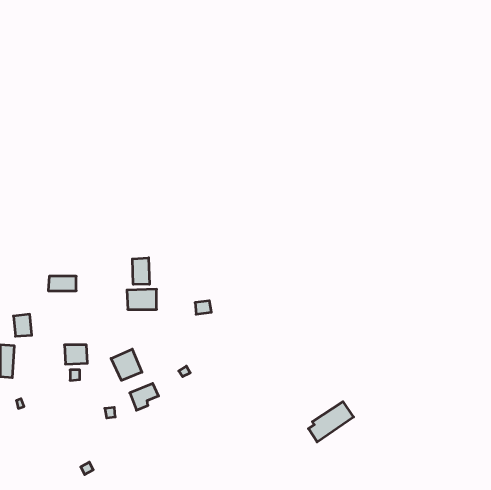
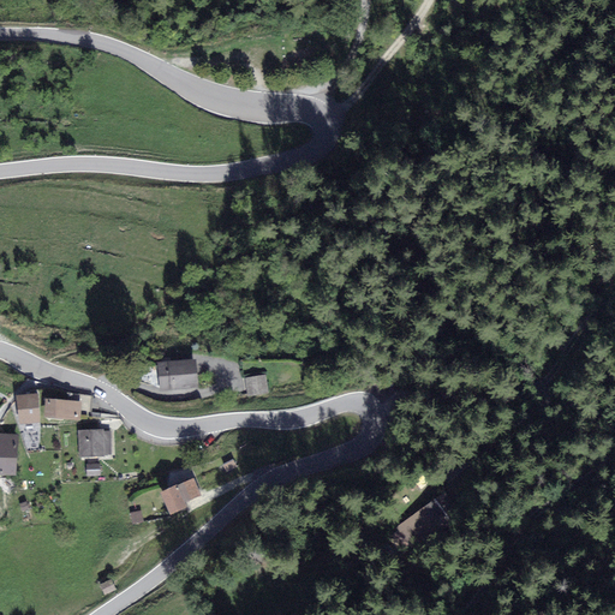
building: [132,258,149,284] -> none
building: [48,276,76,291] -> [47,401,82,419]
building: [111,349,142,380] -> none

